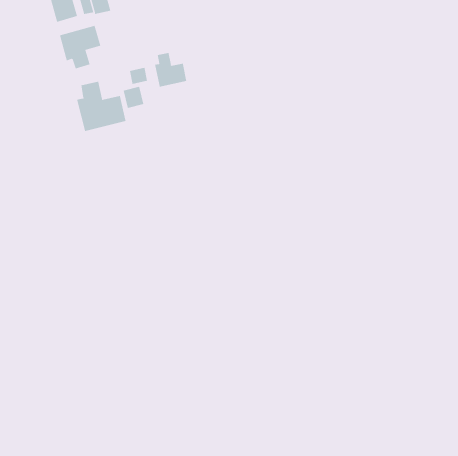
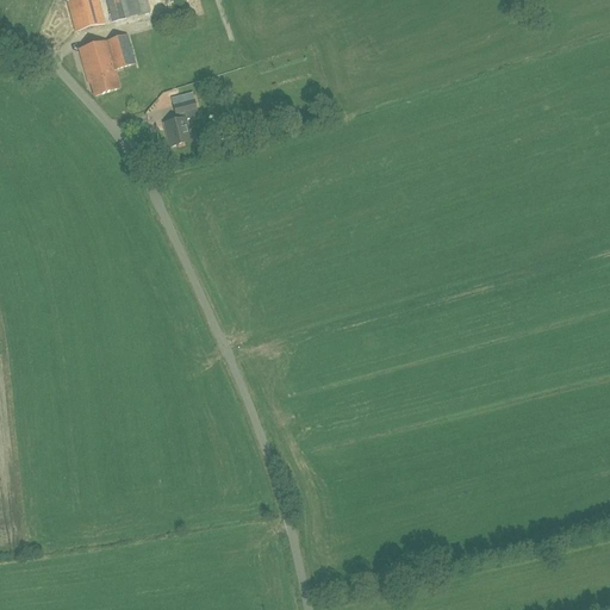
building: [154,52,187,87] -> none
building: [77,81,126,132] -> none

